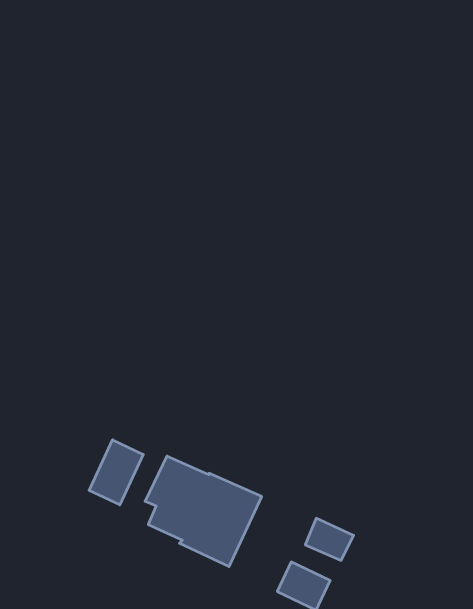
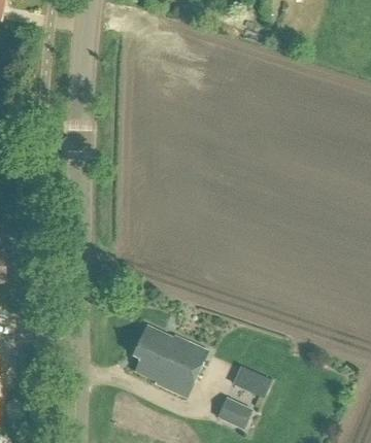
building: [89,440,143,505] -> none

